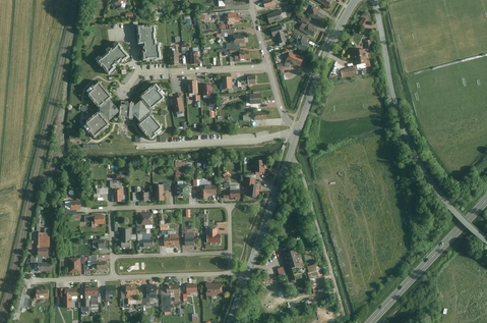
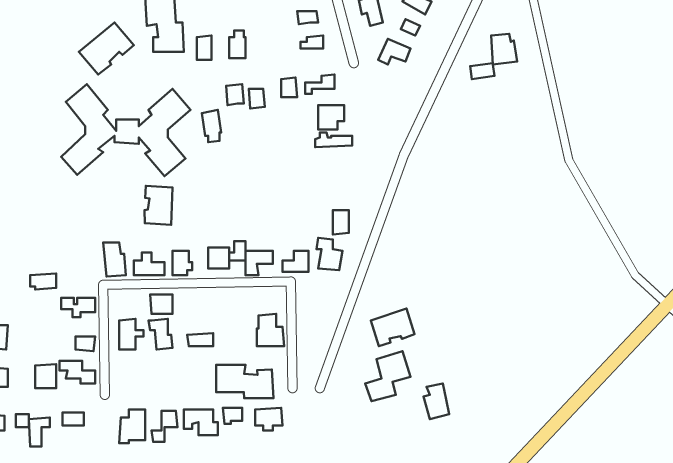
building: none -> [145,186,172,225]
building: none -> [371,308,414,346]
building: none -> [216,365,273,398]

